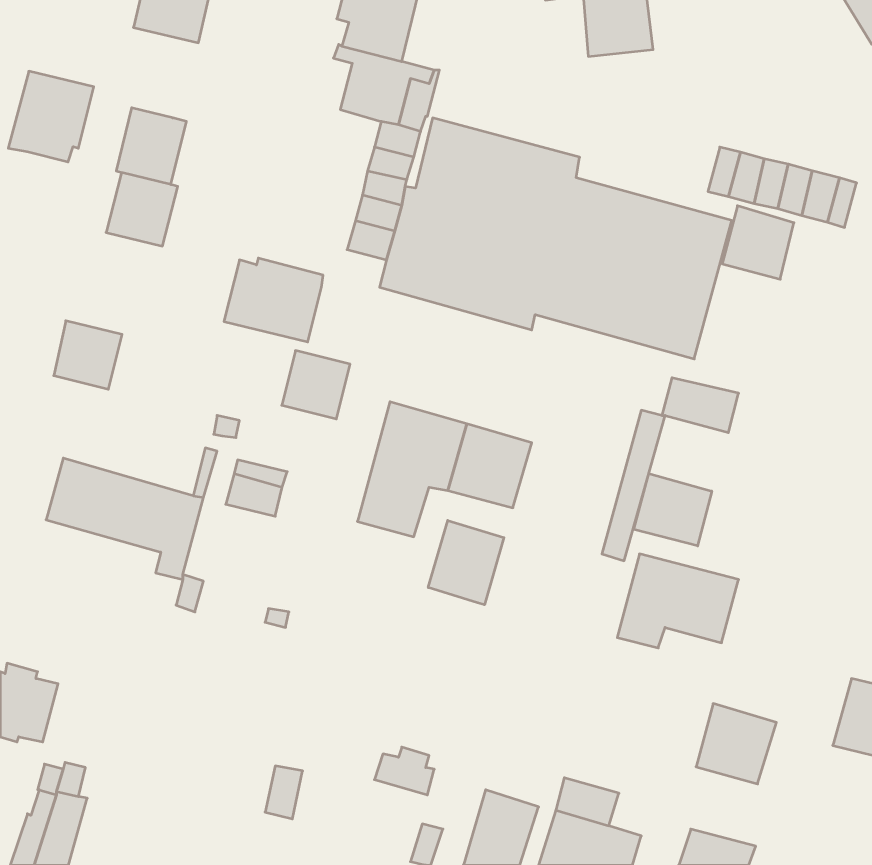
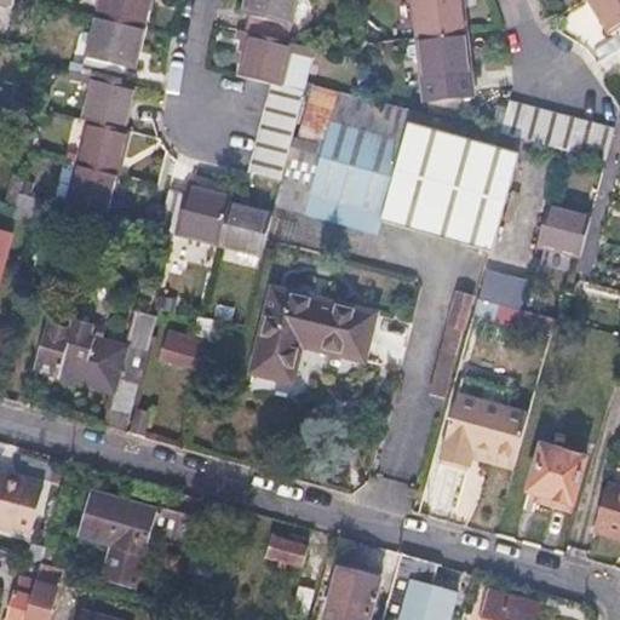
building: none -> [418,35,470,104]
building: [8,71,94,162] -> [81,19,142,84]
building: [722,206,794,279] -> [534,203,585,256]
building: [54,321,122,389] -> [68,165,116,213]
building: [282,351,350,419] -> [219,203,268,252]
building: [634,473,712,546] -> none
building: [428,520,504,605] -> none
building: none -> [82,490,197,585]
building: [696,704,776,784] -> [528,444,585,501]

